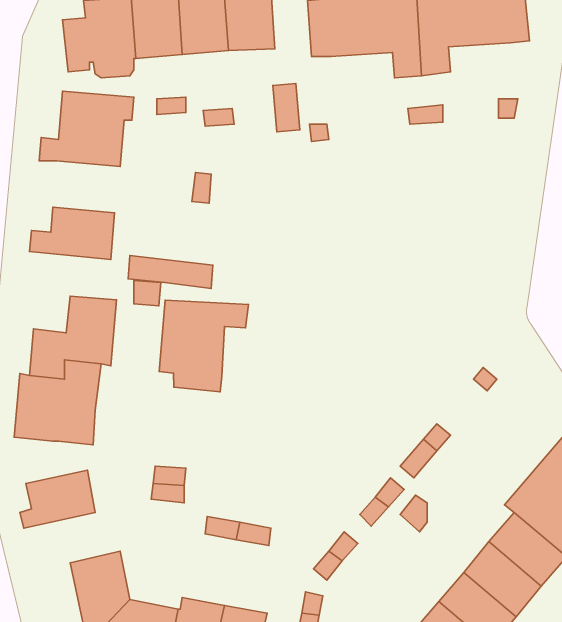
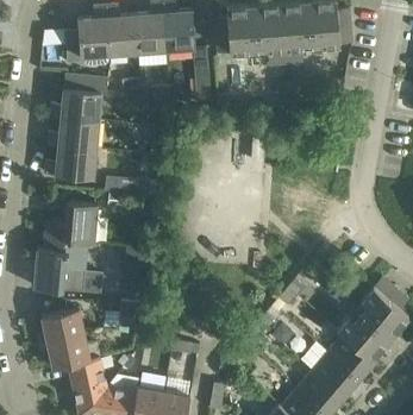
building: none -> [48,118,100,150]
building: [159,300,249,392] -> none
building: none -> [40,334,100,369]

